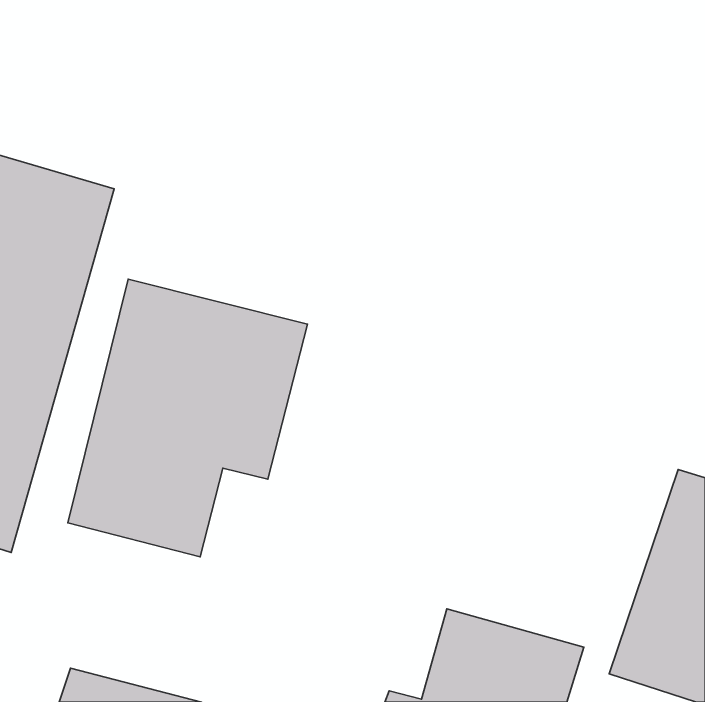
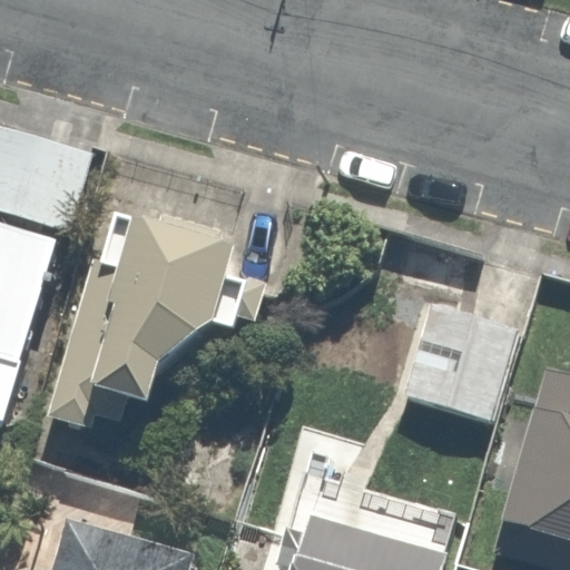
building: none -> [385,297,519,458]

